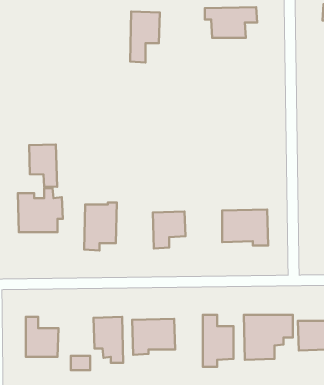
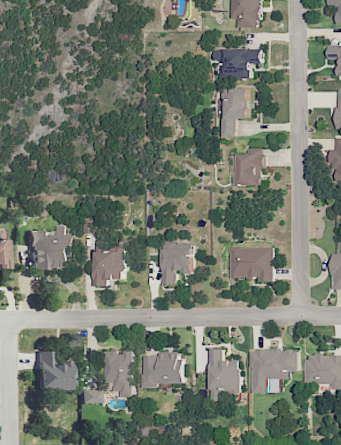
building: [130,11,160,63] -> [220,87,249,137]
building: none -> [231,147,264,185]
building: [29,145,57,187] -> none

